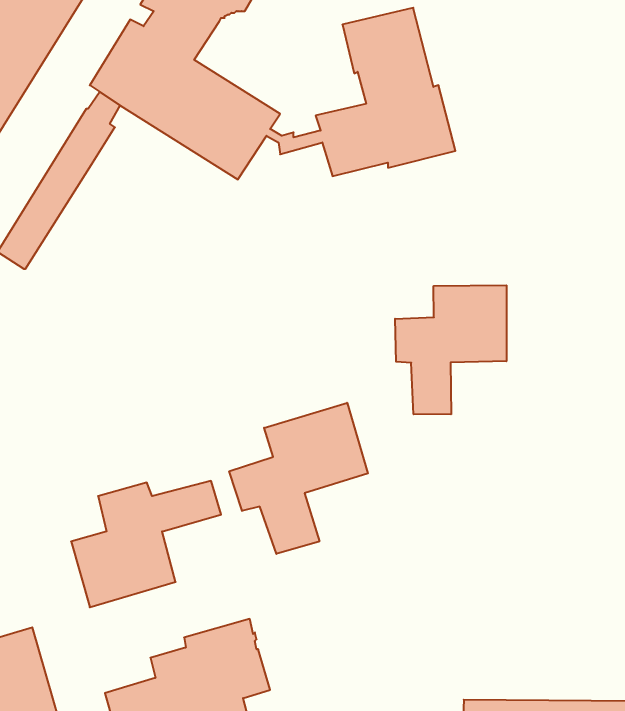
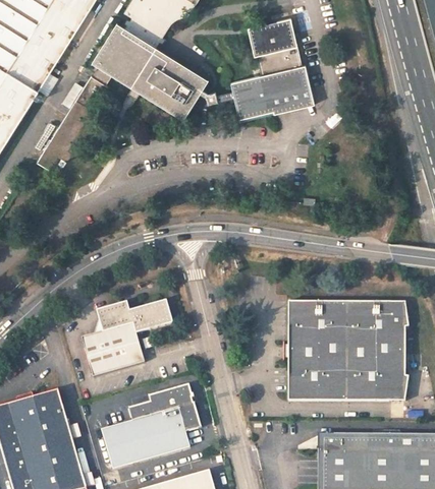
building: [395,285,506,414] -> none
building: [229,403,368,554] -> none
building: none -> [284,302,411,402]

